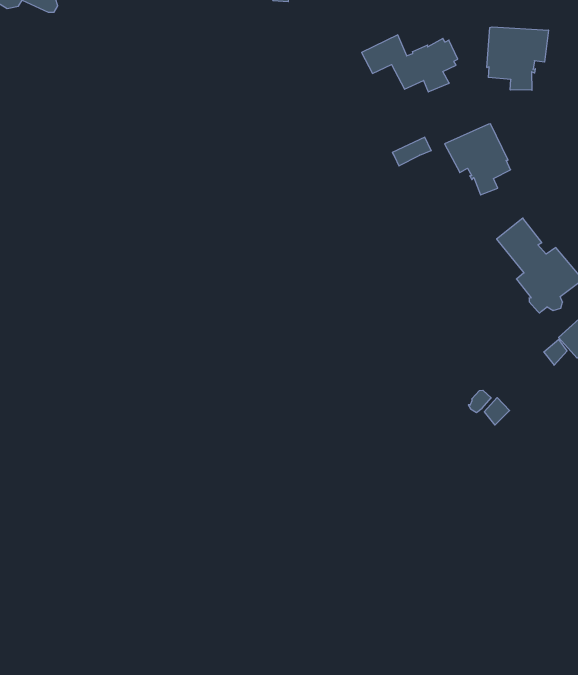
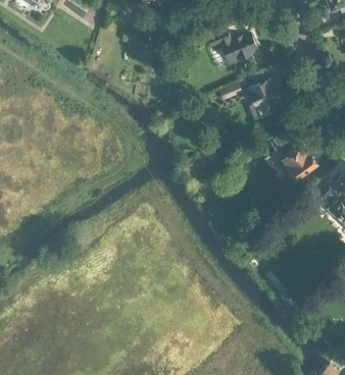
building: [487,27,548,90] -> none

